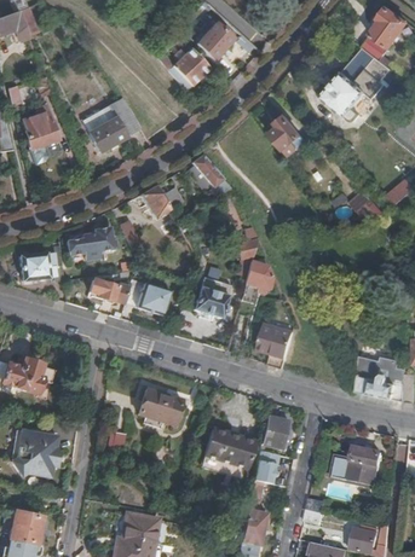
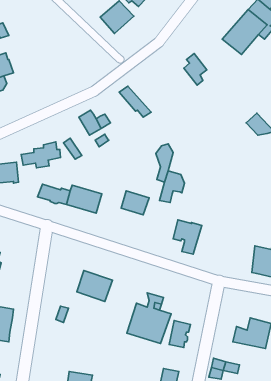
building: [82,97,139,149] -> none
building: [261,417,289,447] -> none

